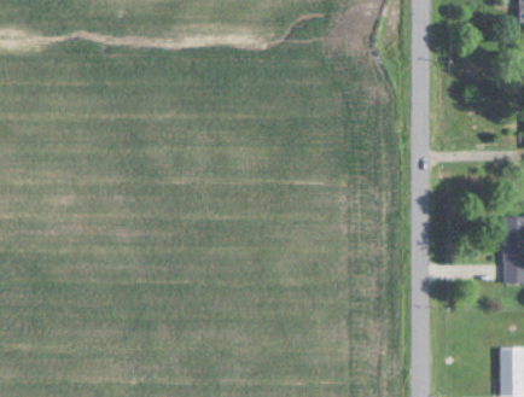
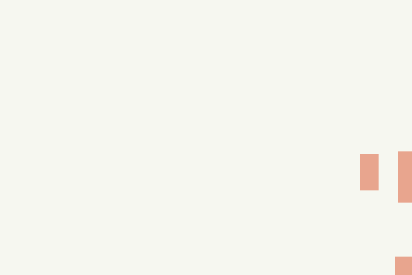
building: none -> [359,153,379,191]

